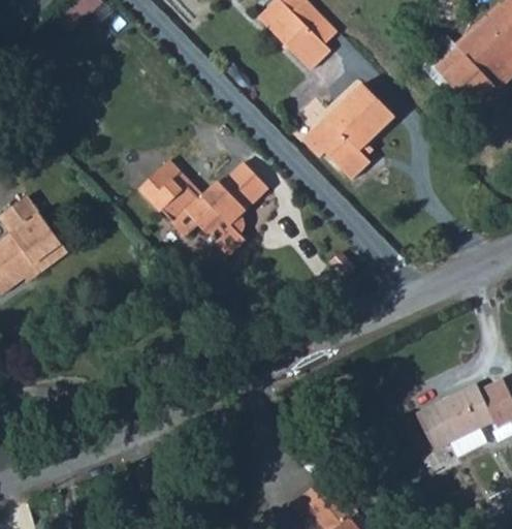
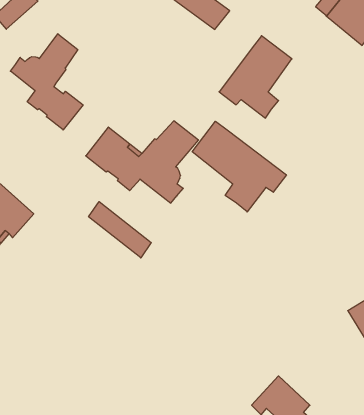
building: none -> [10,34,83,130]
building: none -> [192,121,286,212]
building: none -> [89,202,151,258]

